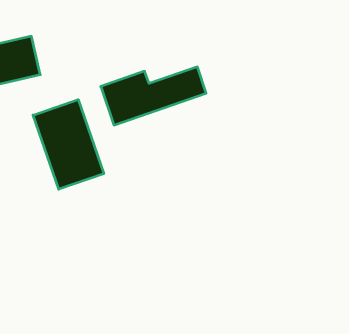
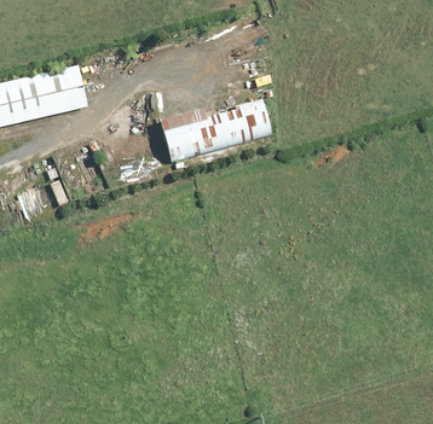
building: [33,100,104,189] -> none

